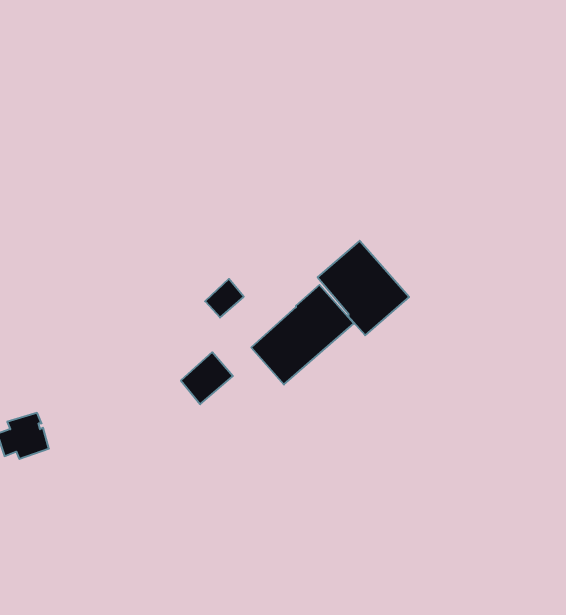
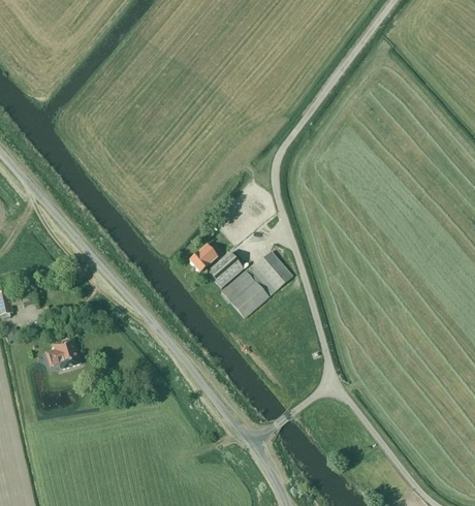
building: [318,241,409,335] -> none
building: [181,352,233,404] -> [207,251,243,287]

